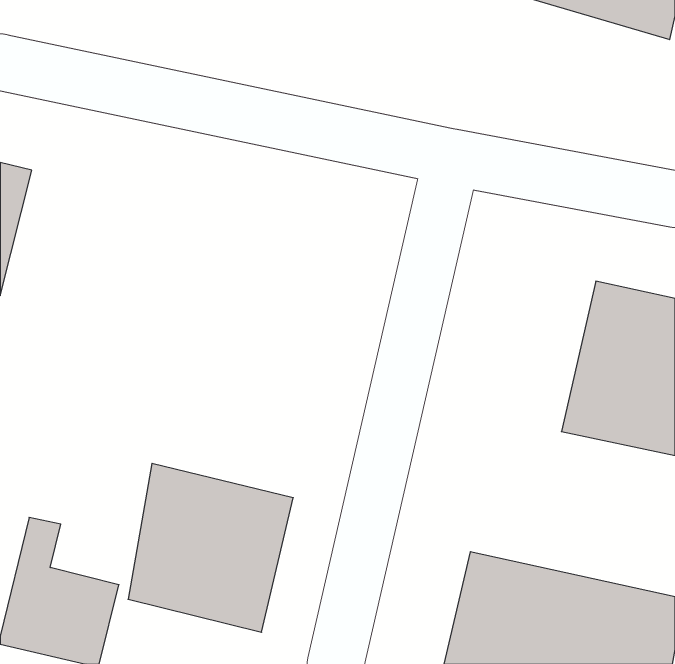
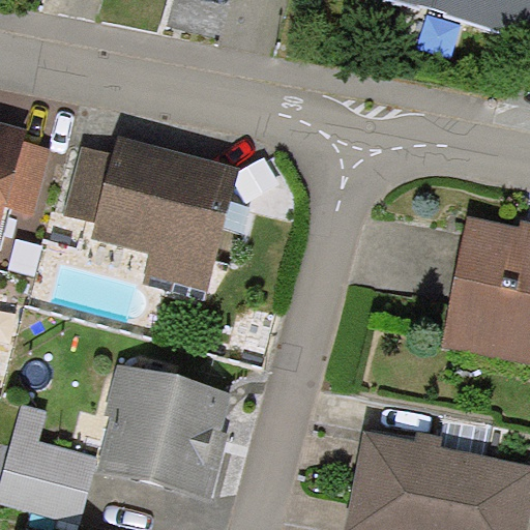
building: none -> [96,141,243,268]

